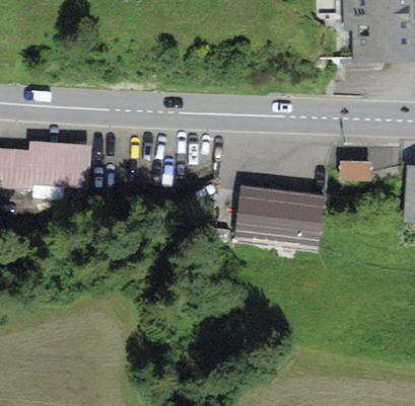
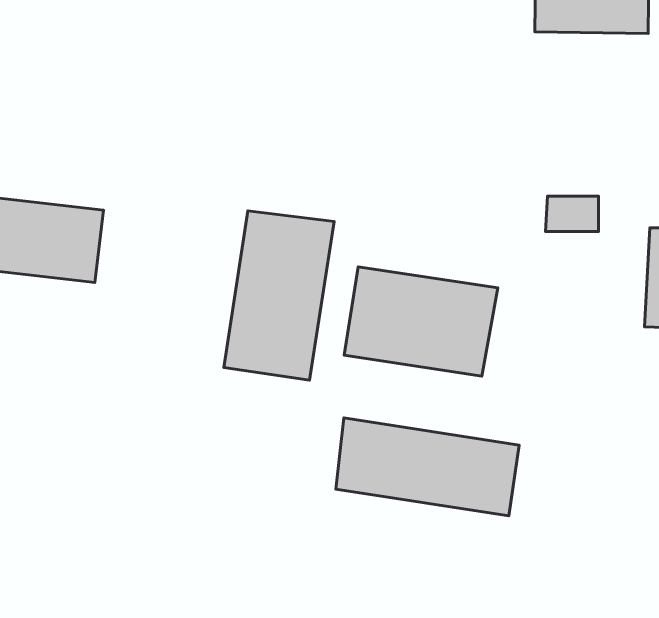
building: none -> [224,211,334,380]
building: none -> [336,418,519,516]

